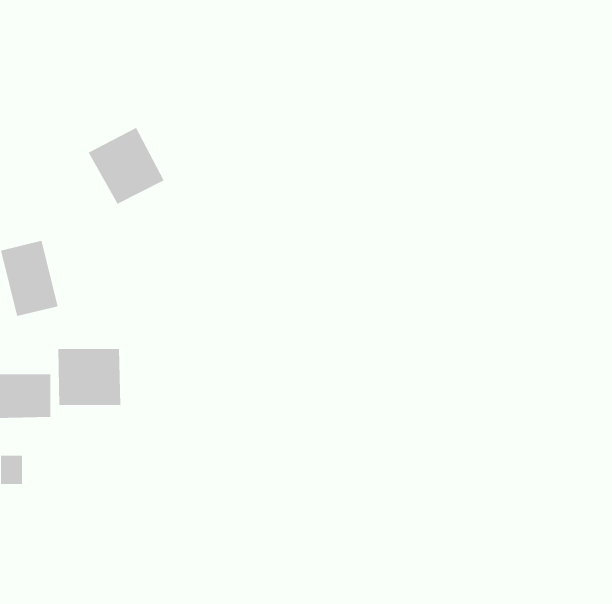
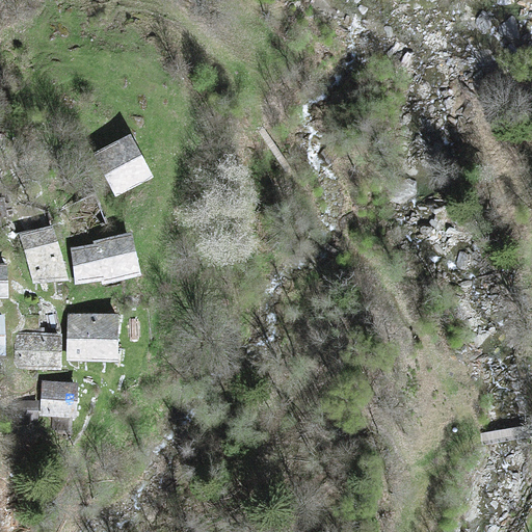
building: none -> [71,231,142,285]
building: none -> [41,380,78,417]

